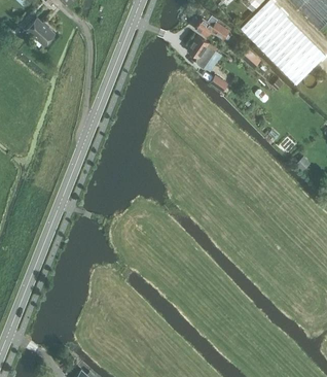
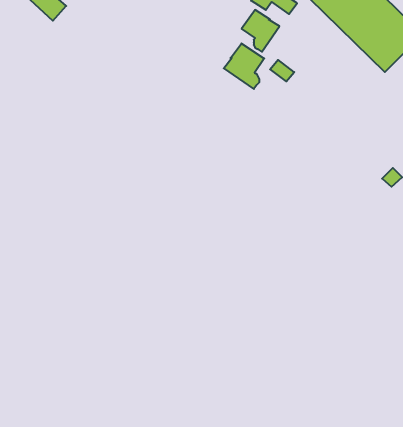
building: none -> [224,43,264,89]

